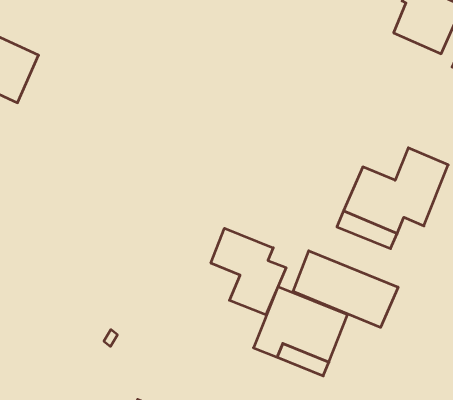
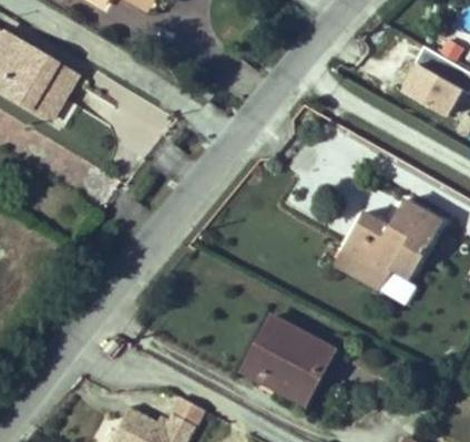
building: [211,228,286,315] -> none
building: [293,251,398,327] -> none

